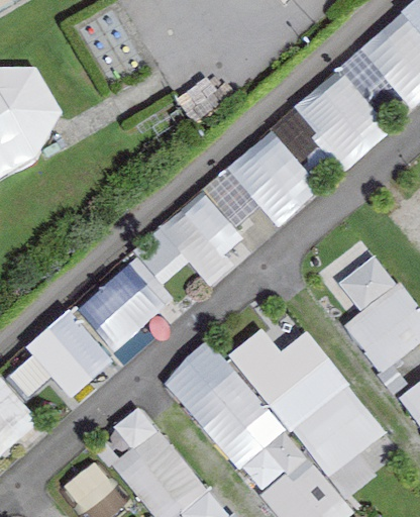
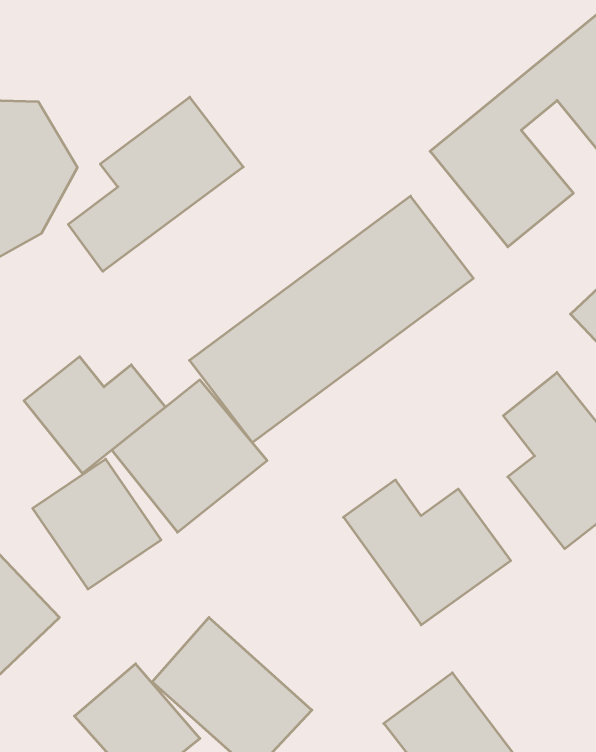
building: none -> [68,97,243,271]
building: none -> [24,357,165,473]
building: [163,341,286,473] -> none
building: [293,385,384,473] -> none

